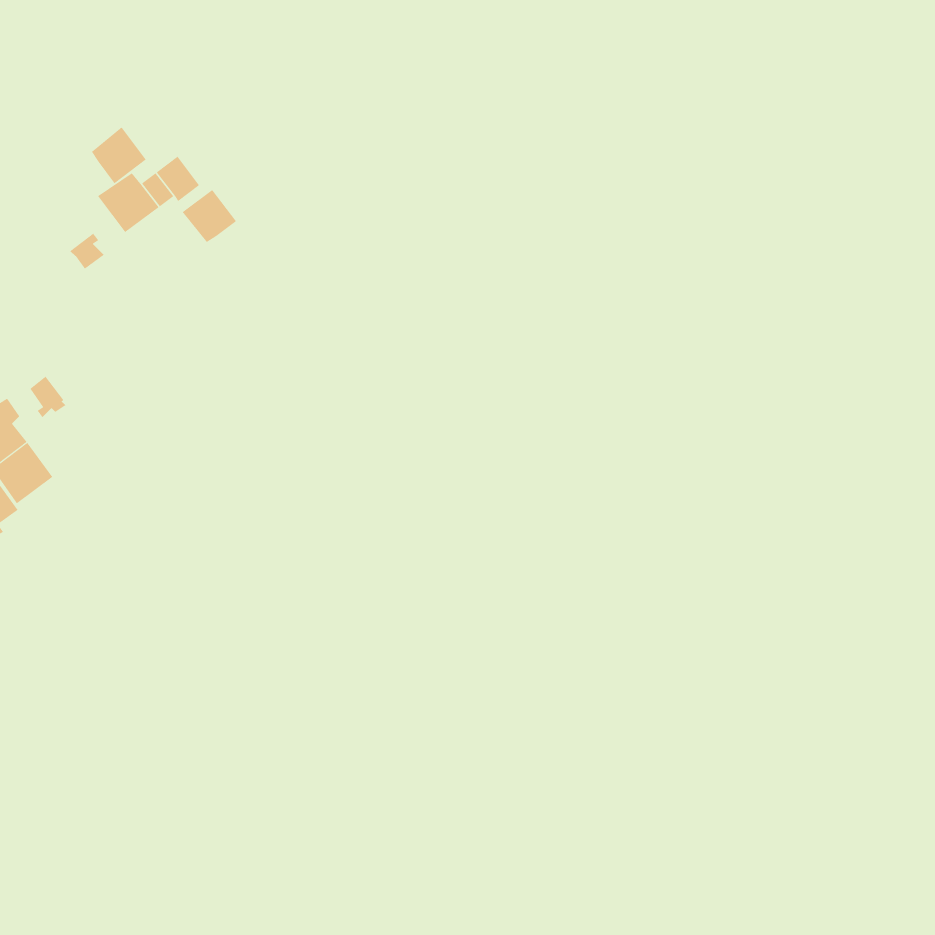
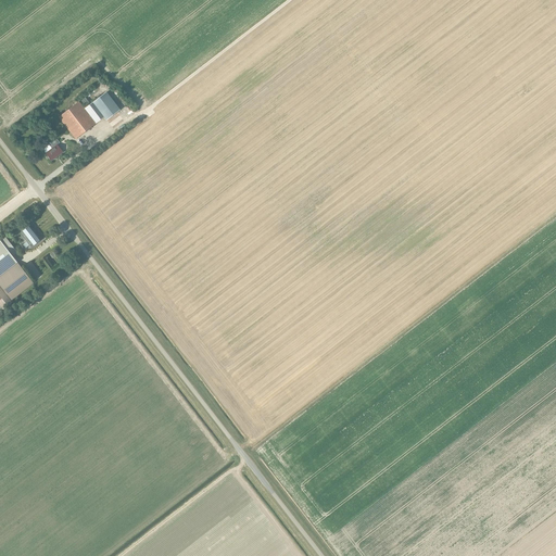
building: [91,127,146,184] -> none
building: [182,189,237,243] -> none

